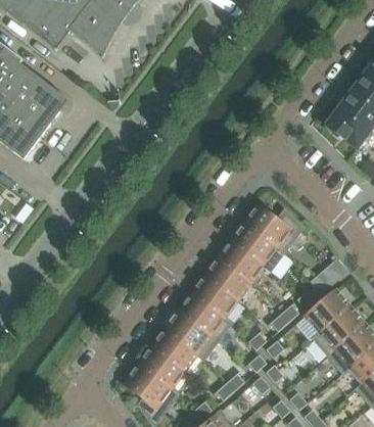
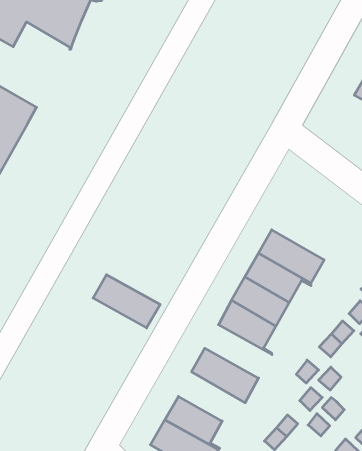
building: [244,205,302,253] -> none
building: [178,294,231,341] -> [93,275,160,328]
building: [151,329,204,372] -> none

